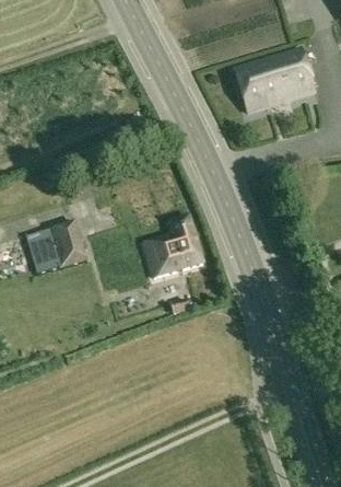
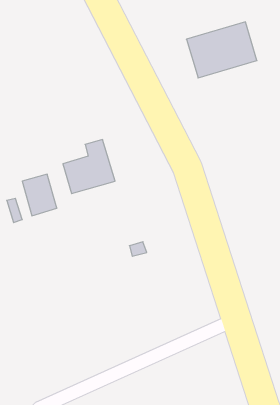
building: [143,216,202,277] -> [63,140,115,194]

